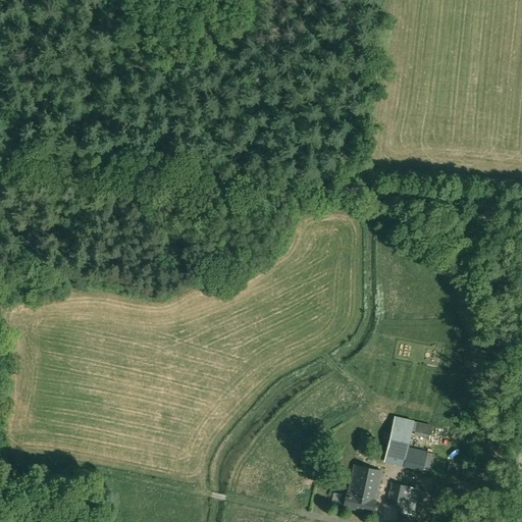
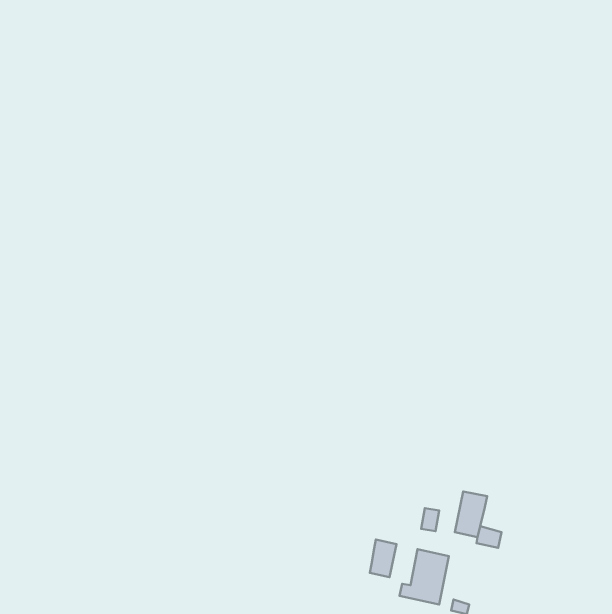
building: none -> [370,540,397,577]
building: [388,483,416,510] -> none

